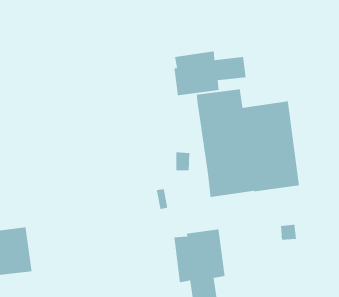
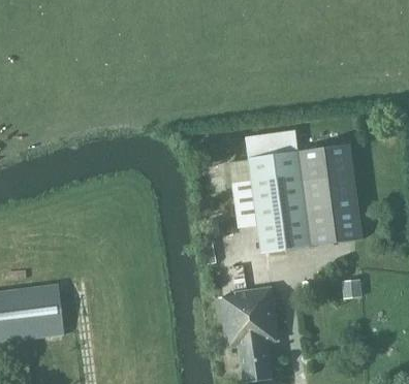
building: [174,51,246,96] -> none

